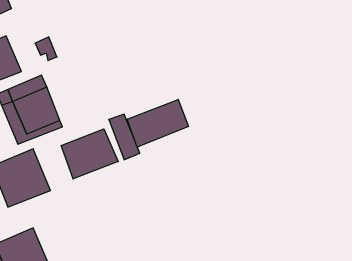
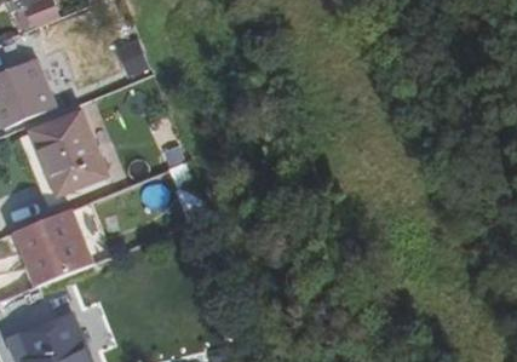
building: [127,99,188,147] -> none
building: [61,129,118,179] -> none

